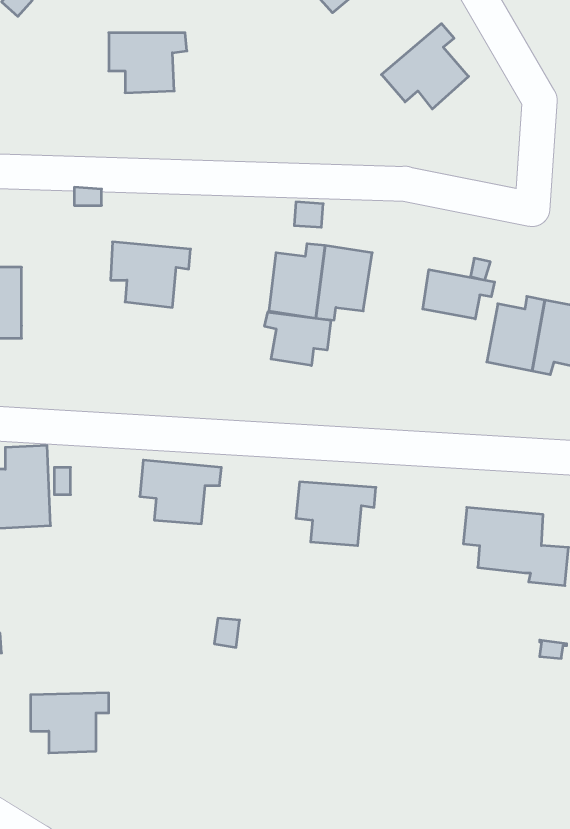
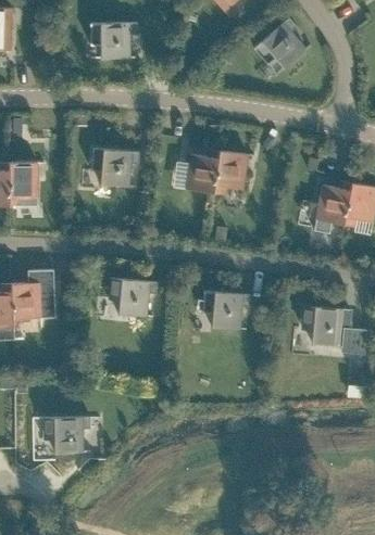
building: [423,270,495,319] -> none
building: [265,312,331,366] -> none

